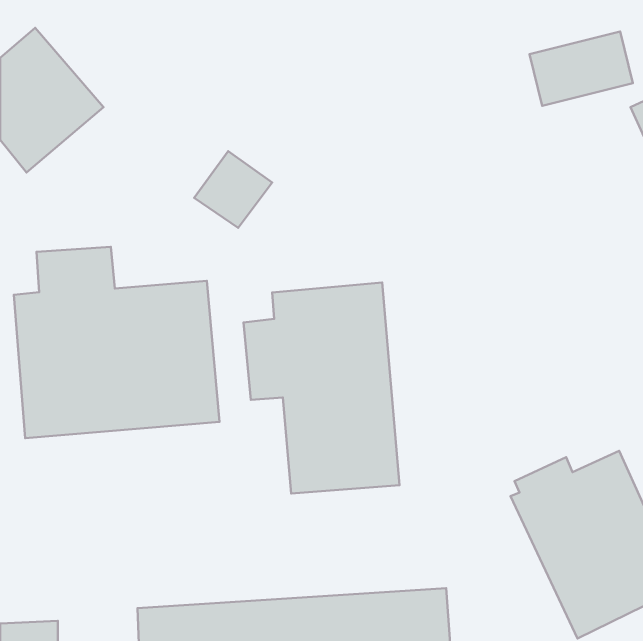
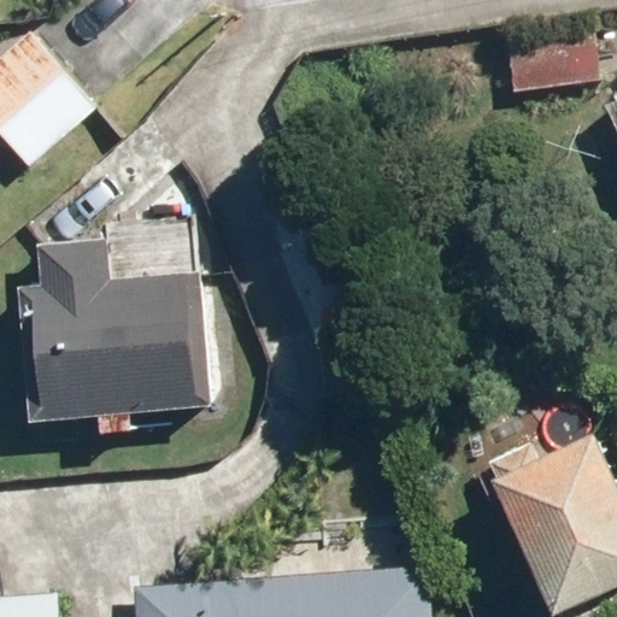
building: [243,283,399,494] -> none

